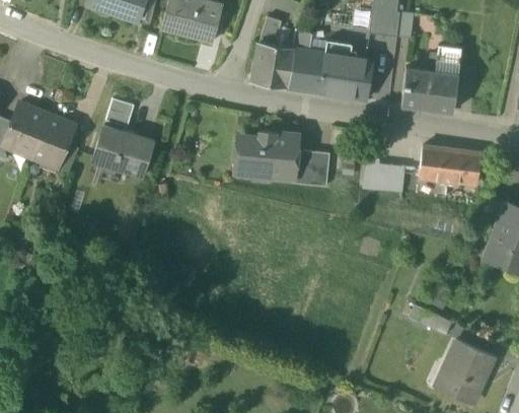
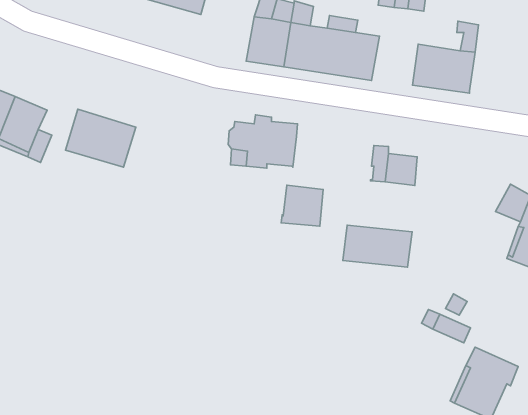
building: [105,98,134,128] -> none
building: [419,146,480,184] -> [343,225,412,267]
building: [292,150,329,187] -> [281,185,323,226]

